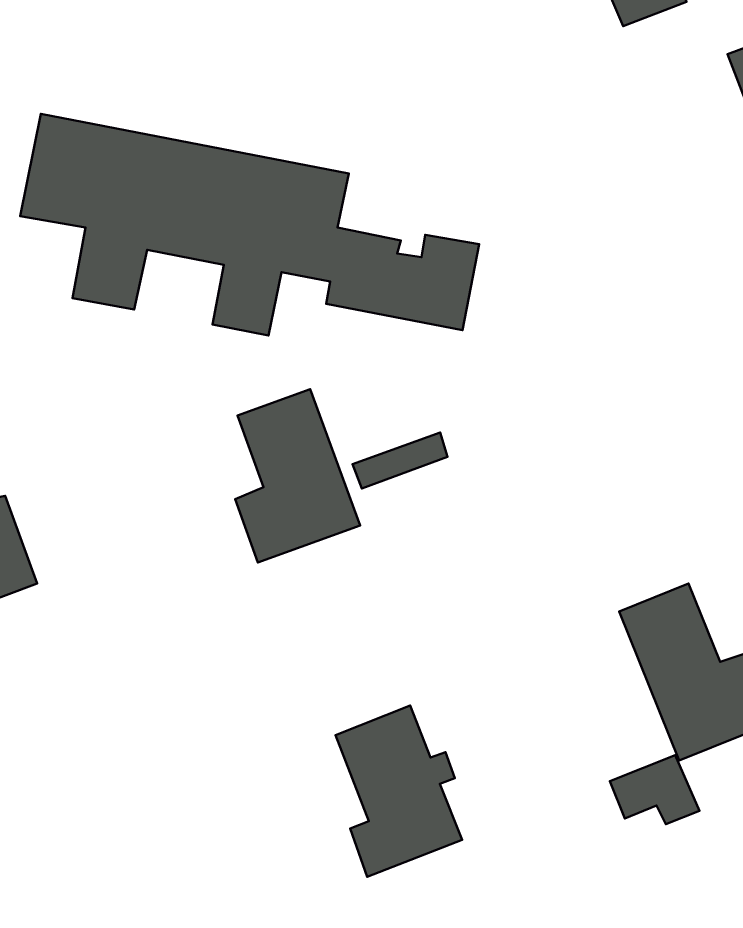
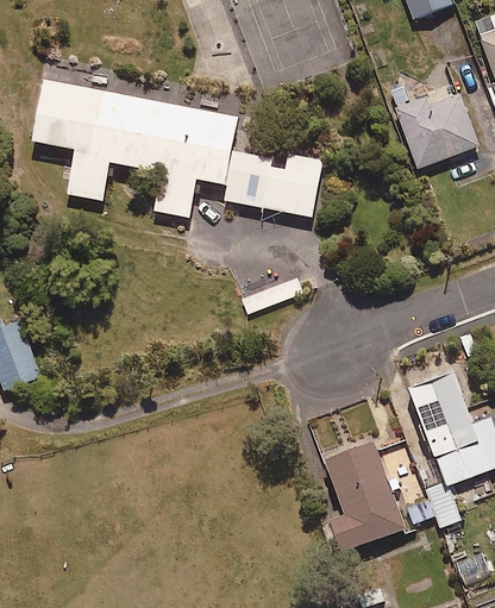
building: none -> [388,87,478,169]
building: [235,389,360,562] -> none
building: [335,705,462,877] -> [325,444,406,553]

